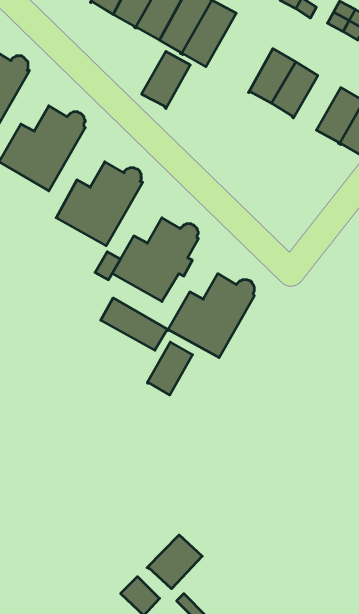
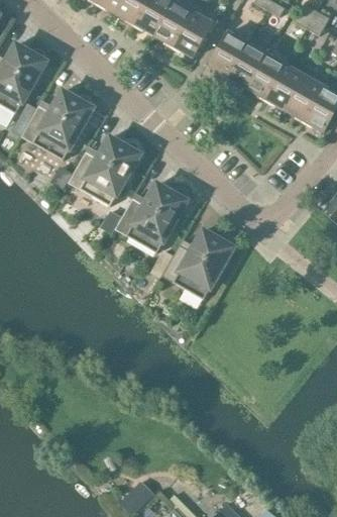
building: [142,51,190,109] -> [207,31,247,79]
building: none -> [264,56,309,110]
building: [101,298,169,350] -> none
building: [147,342,193,395] -> none
building: [147,535,202,589] -> none

